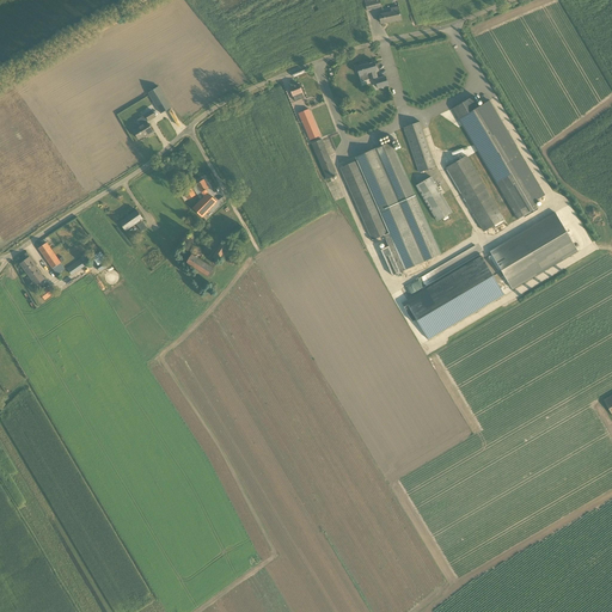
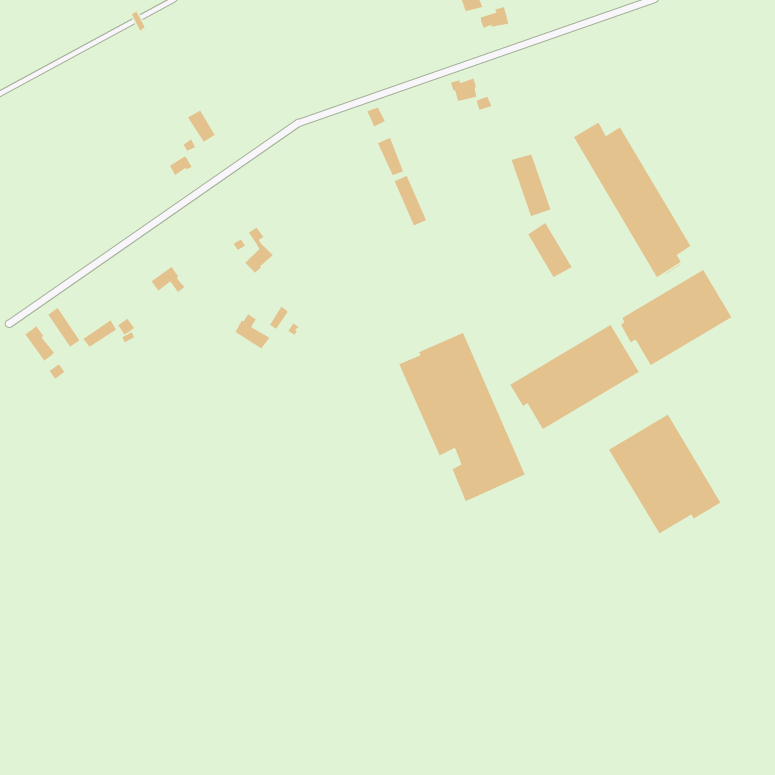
building: [338,141,439,275] -> [398,332,526,502]
building: [445,154,502,230] -> none
building: none -> [608,413,721,535]

